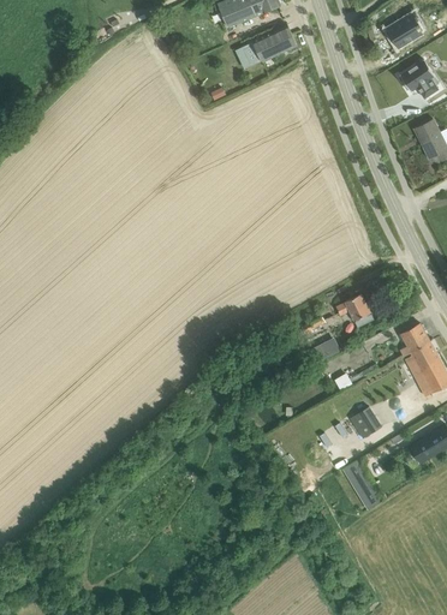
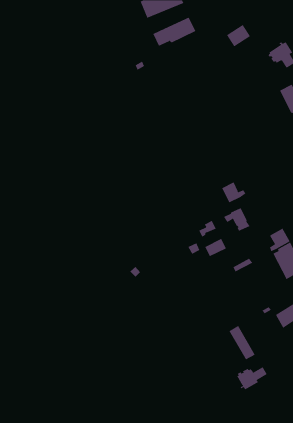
building: [389,12,424,44] -> [226,24,251,47]
building: none -> [221,182,246,203]
building: [350,405,380,437] -> none
building: none -> [237,367,267,390]

